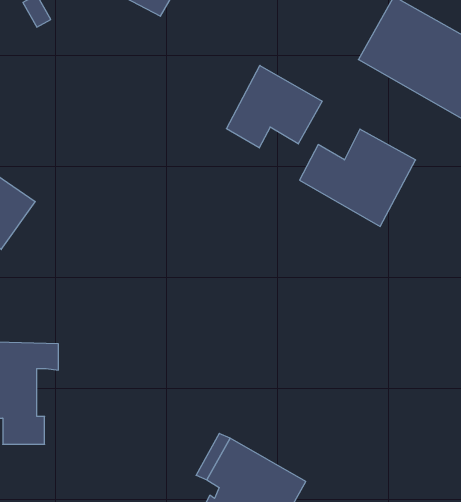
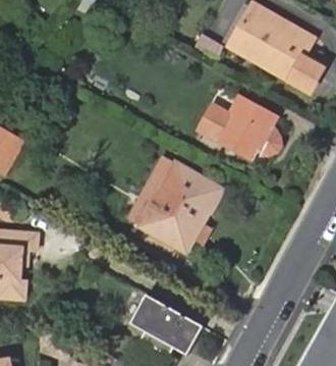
building: [226,65,322,148] -> none
building: none -> [143,163,222,251]

